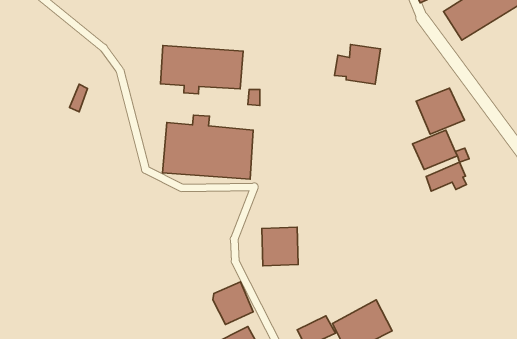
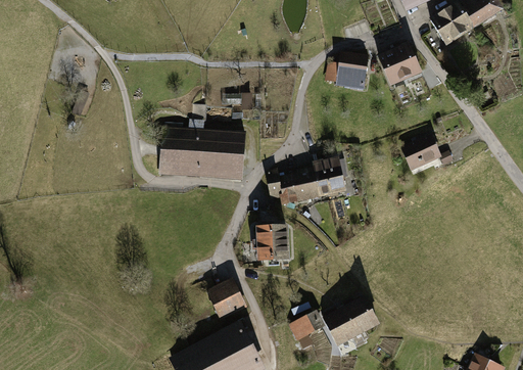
building: [161,45,243,94] -> none
building: [416,88,464,134] -> [376,42,422,86]
building: none -> [265,156,346,204]
building: [426,162,467,191] -> none

